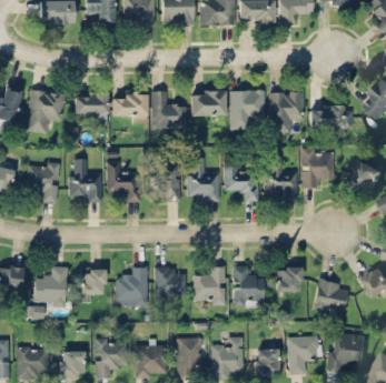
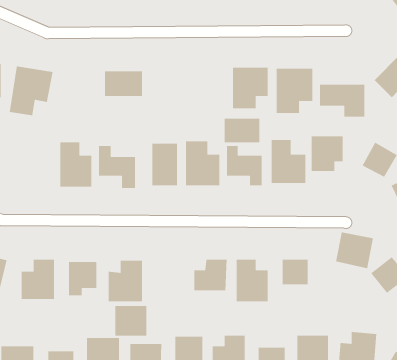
building: [152,91,187,129] -> none
building: [191,91,225,114] -> [224,118,260,143]
building: [75,93,108,127] -> none
building: [28,162,59,202] -> none
building: [155,268,185,296] -> [114,305,147,337]
building: [314,279,349,313] -> [335,232,374,269]

